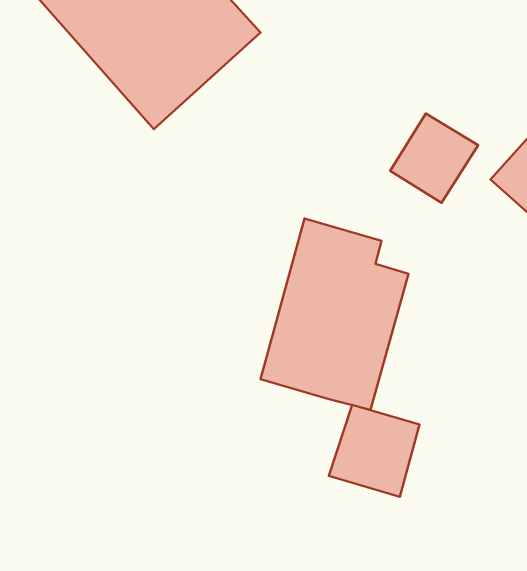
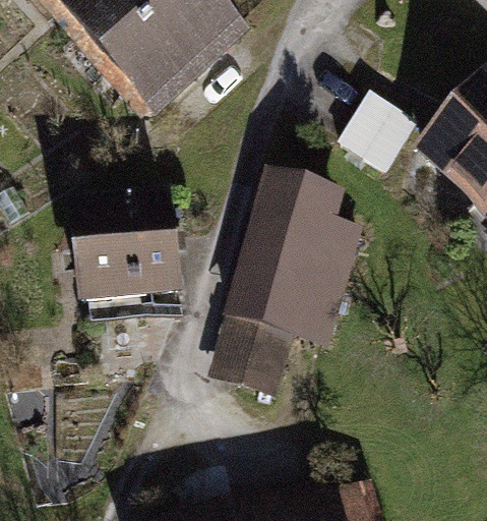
building: none -> [75,204,178,299]
building: [329,405,420,497] -> [216,315,291,392]

